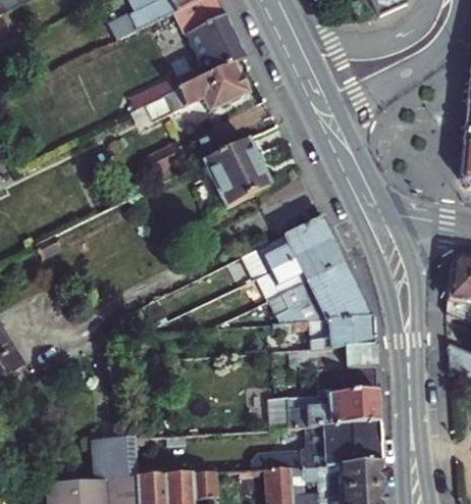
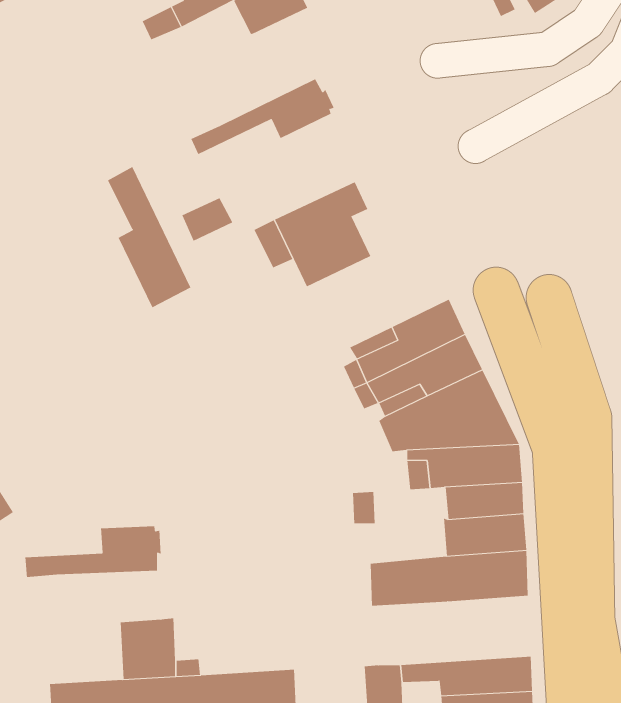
building: [158,13,247,95] -> none
building: none -> [107,166,191,308]
building: none -> [25,525,161,578]
building: [275,421,381,469] -> none

